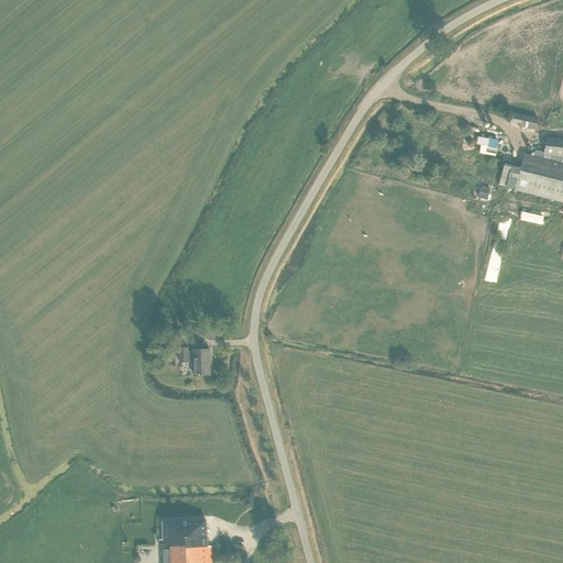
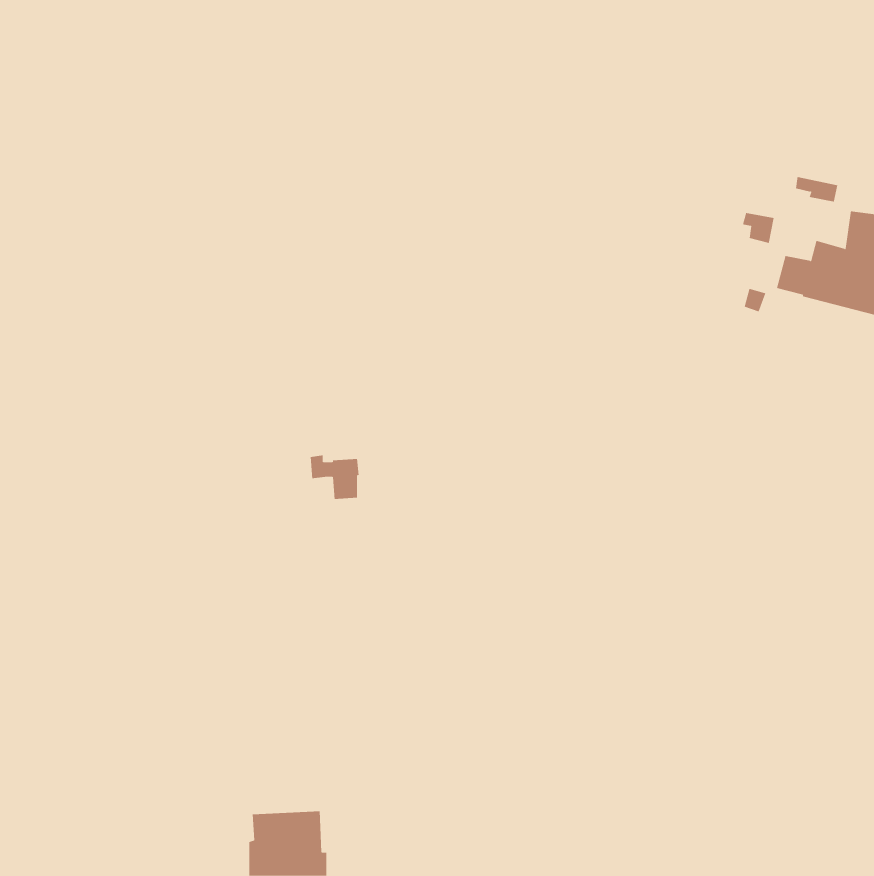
building: [179,347,211,376] -> [310,455,360,500]

